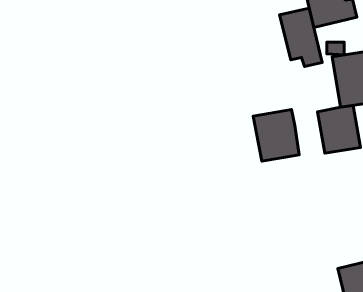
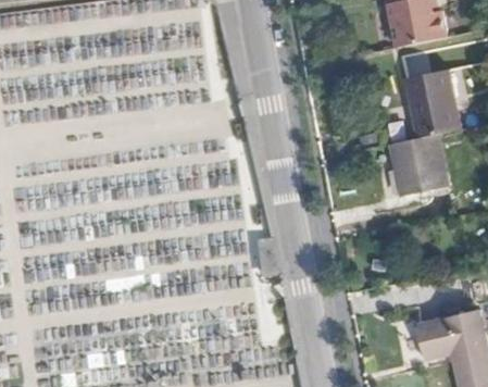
building: [279,8,322,66] -> none
building: [253,110,299,161] -> none

